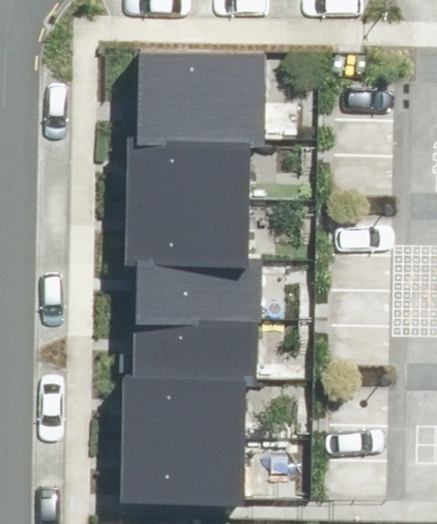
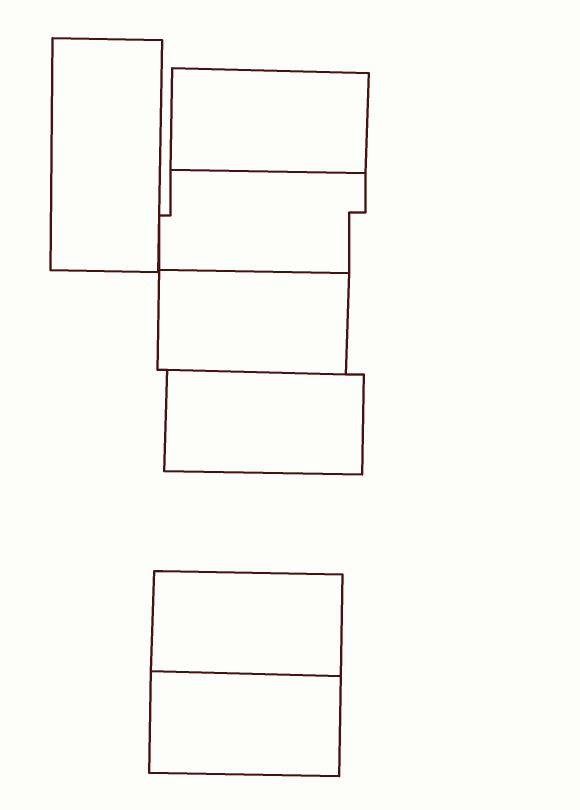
building: none -> [50,38,162,272]
building: [132,309,258,374] -> none

